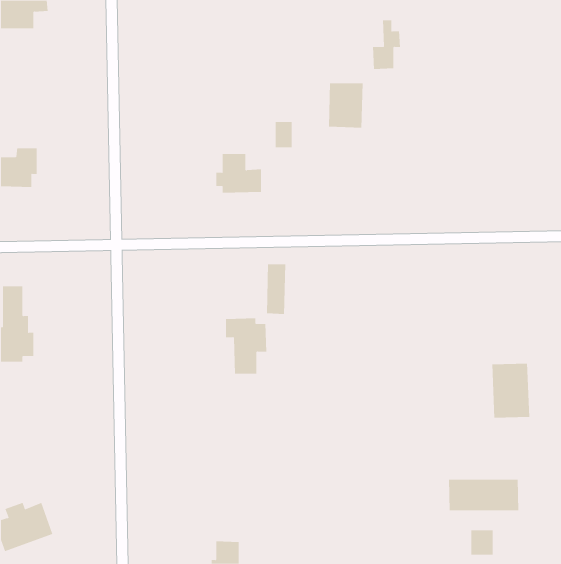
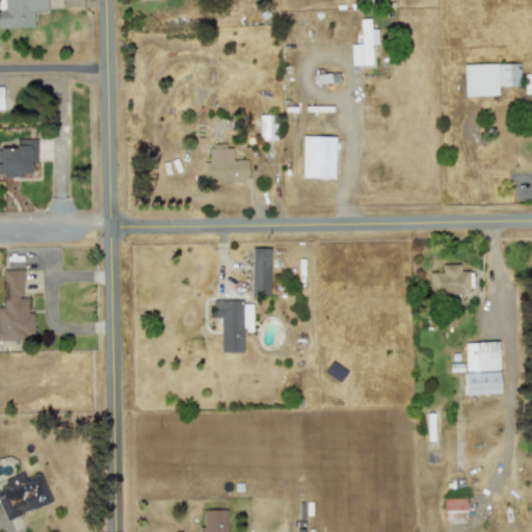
building: none -> [466,63,523,96]
building: [328,83,363,128] -> [303,136,337,179]
building: none -> [430,264,472,294]
building: [449,479,519,511] -> none

